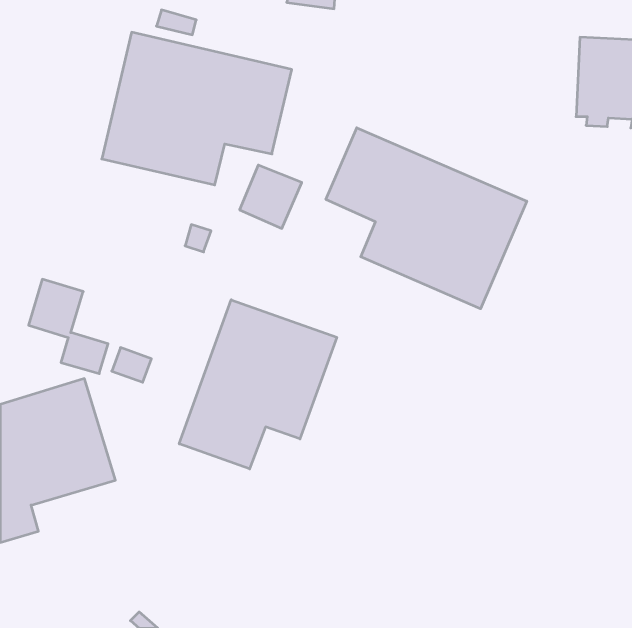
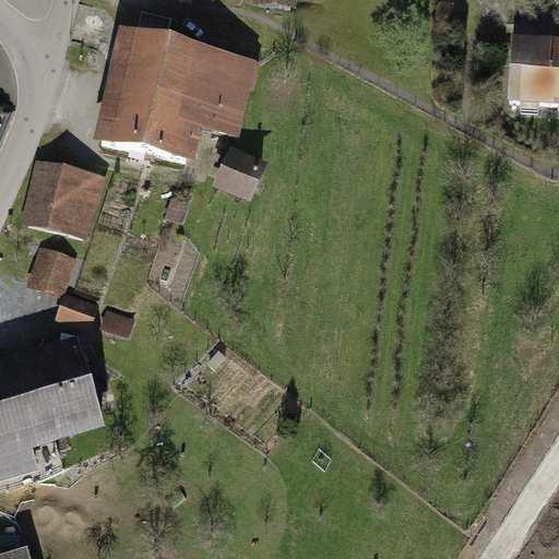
building: [326,128,527,309] -> none
building: none -> [21,158,103,240]
building: [179,300,337,469] -> none

